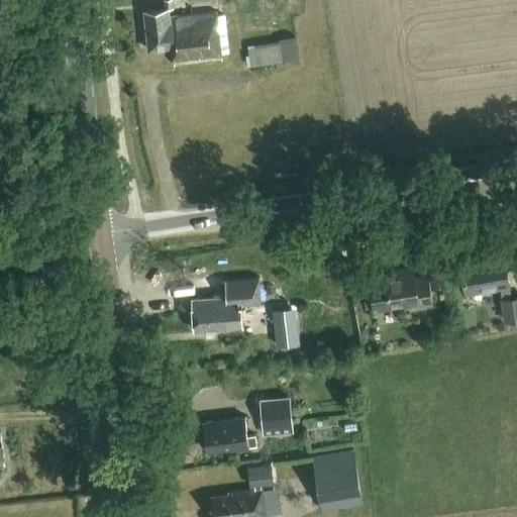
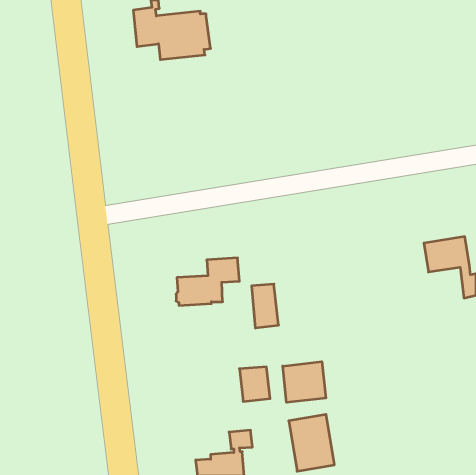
building: [247,37,298,66] -> none
building: [370,271,432,315] -> none
building: none -> [283,362,326,402]
building: [203,419,255,453] -> none

